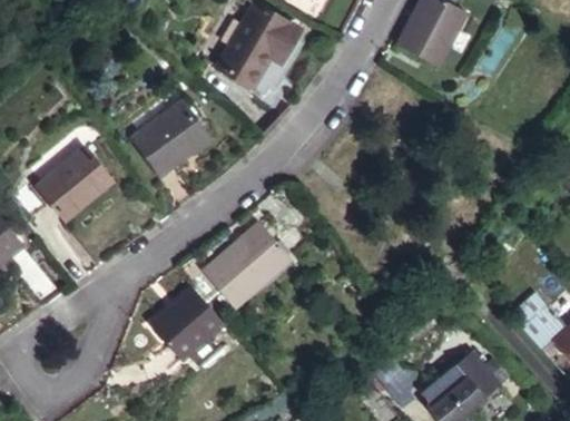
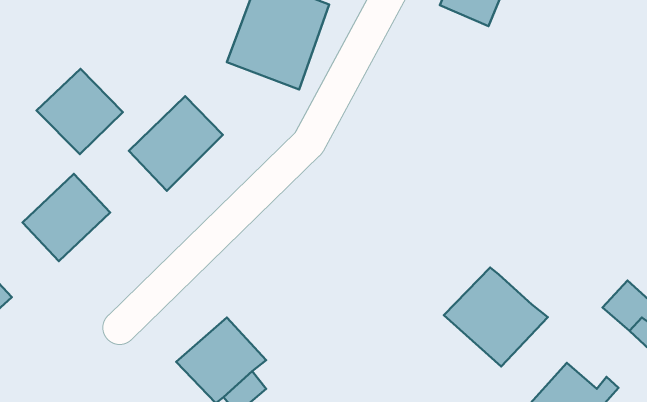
building: none -> [36,69,123,154]
building: [208,217,298,303] -> none
building: none -> [444,267,548,367]

